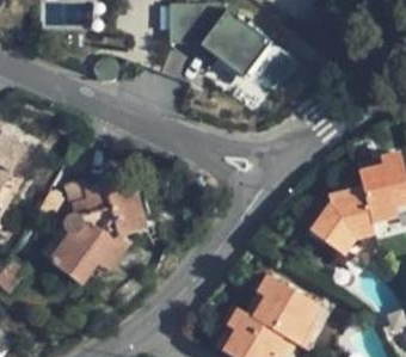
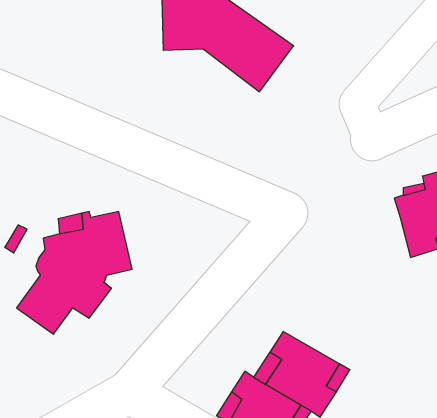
building: [307,186,373,254] -> none

